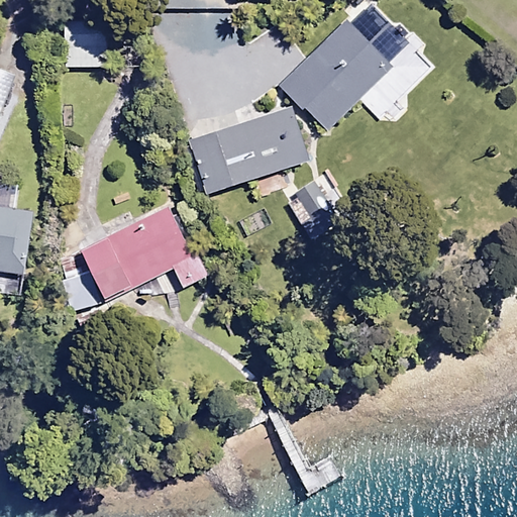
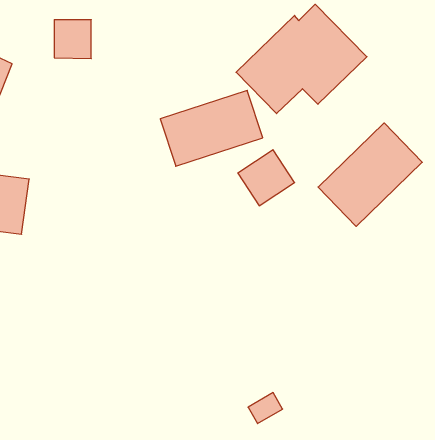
building: none -> [318,123,422,226]
building: [80,203,207,301] -> none

